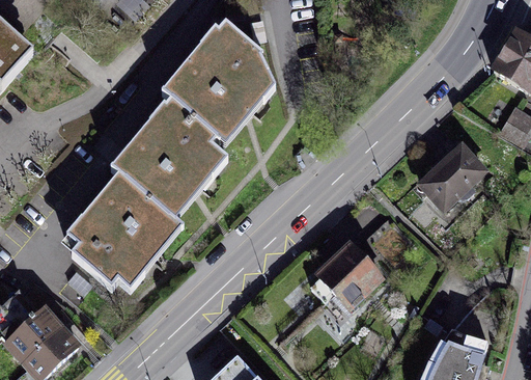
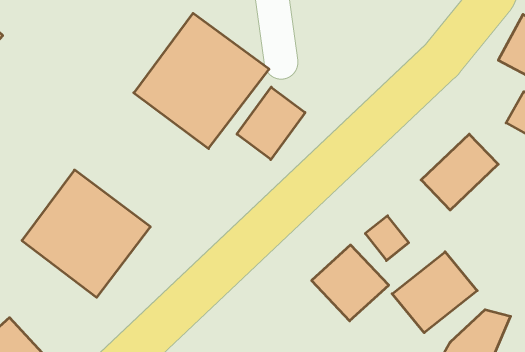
building: none -> [237,87,305,160]
building: [100,102,224,226] -> none
building: none -> [392,252,477,333]

